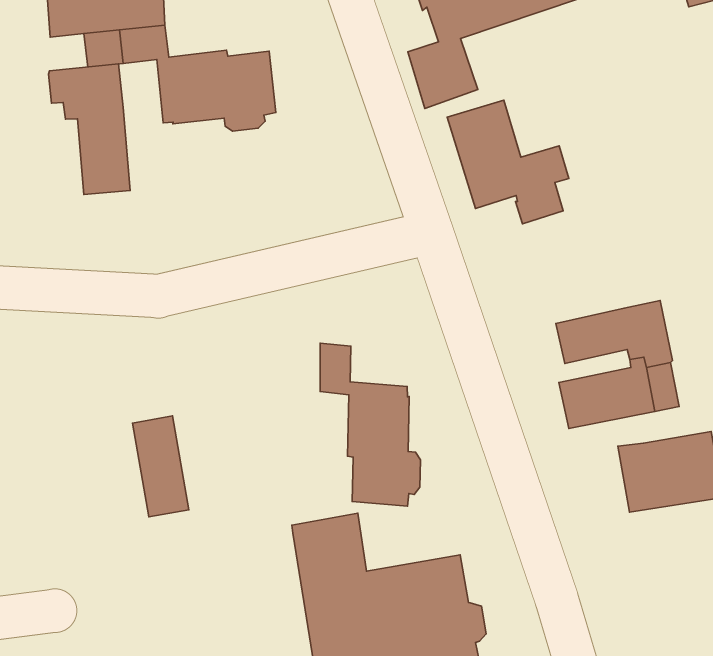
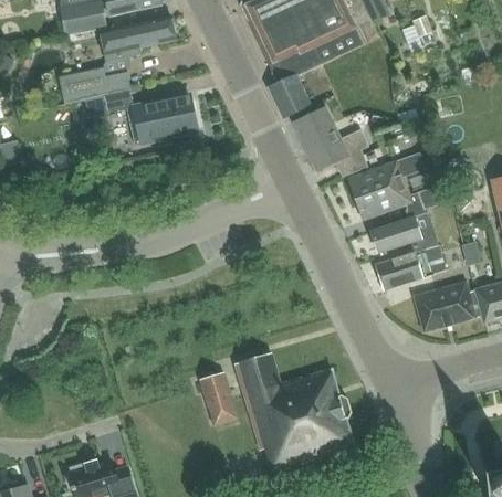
building: [48,64,130,194] -> none
building: none -> [349,151,450,219]
building: [320,343,420,506] -> none
building: [133,416,189,517] -> [200,370,238,429]

